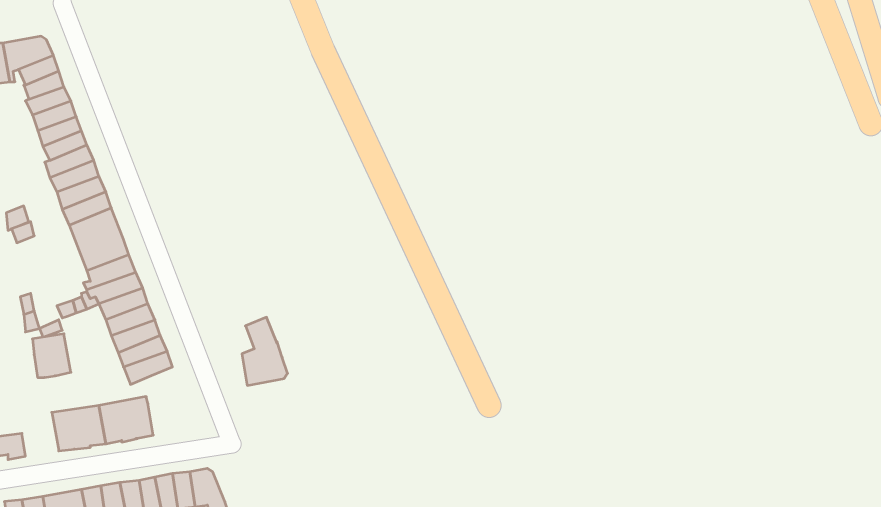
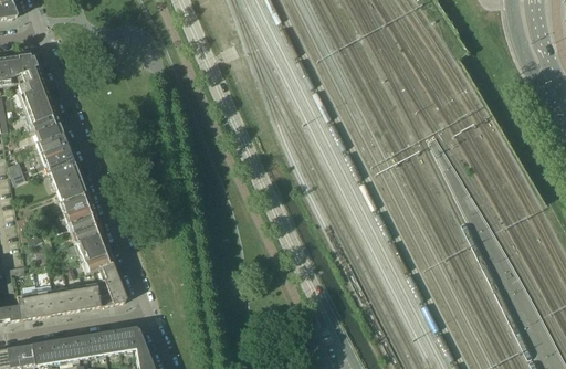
building: [242,317,288,385] -> [98,262,127,305]
building: [32,334,71,377] -> [18,291,42,318]

